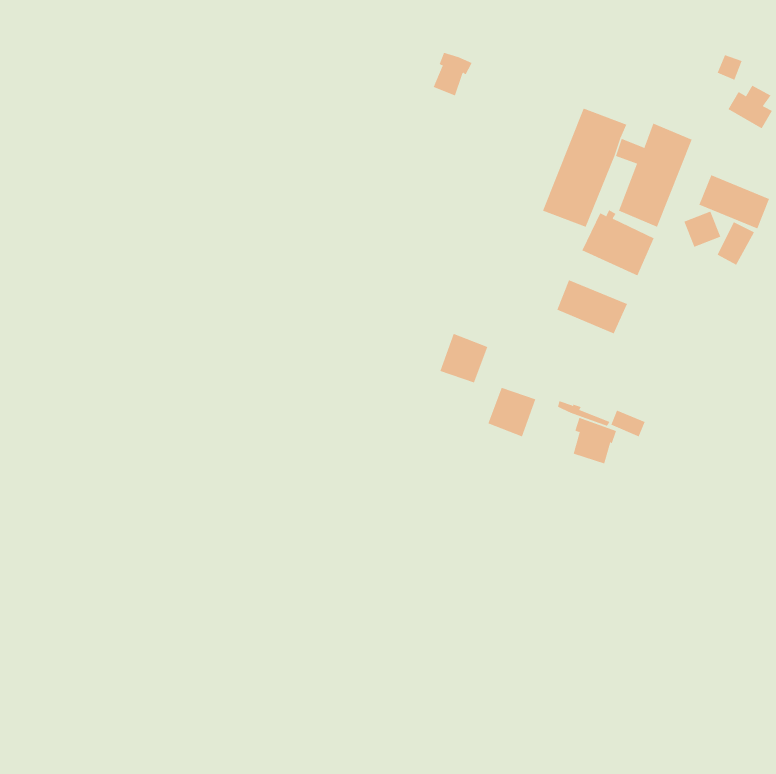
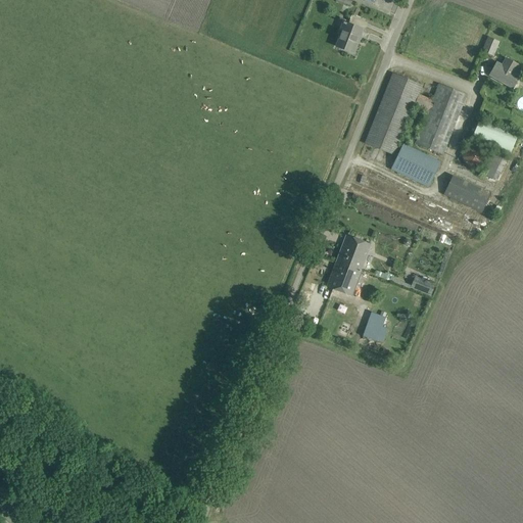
building: [433,52,472,96] -> [336,21,363,51]
building: [556,280,628,334] -> [442,174,490,210]
building: [439,333,488,383] -> [337,235,370,269]
building: [573,417,617,464] -> [364,311,393,342]

